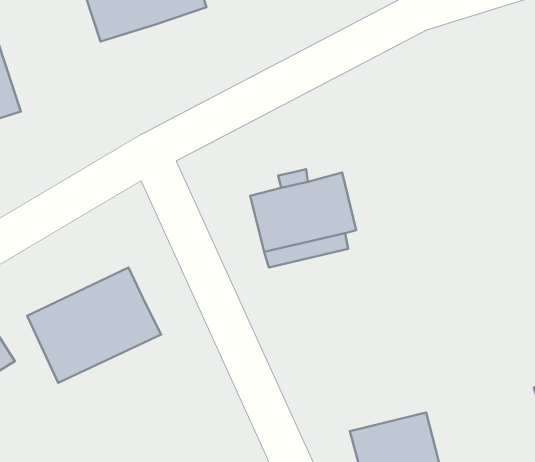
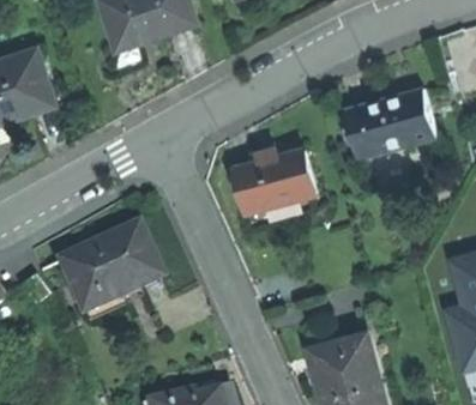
building: none -> [343,86,438,158]

